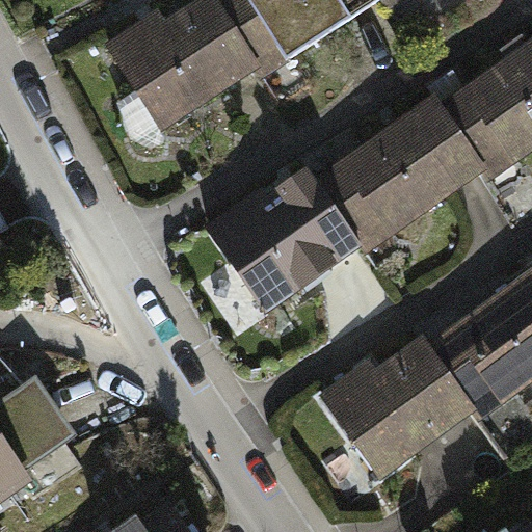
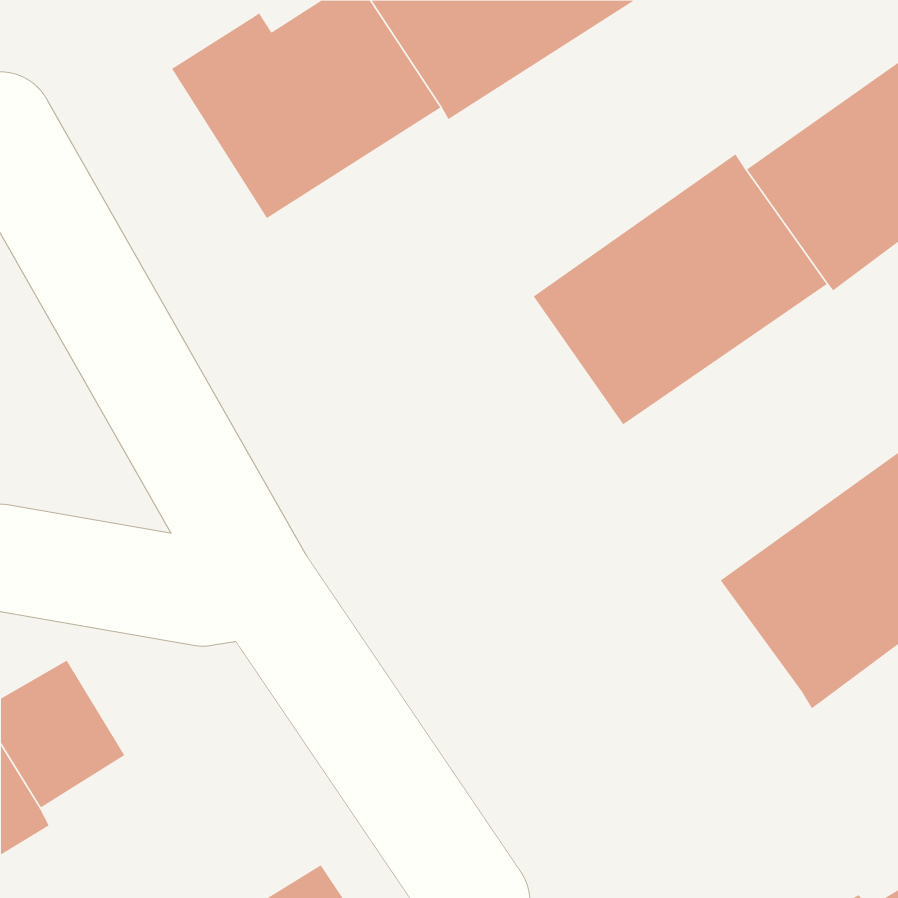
building: [205,167,362,310] -> none
building: [320,336,474,478] -> none

